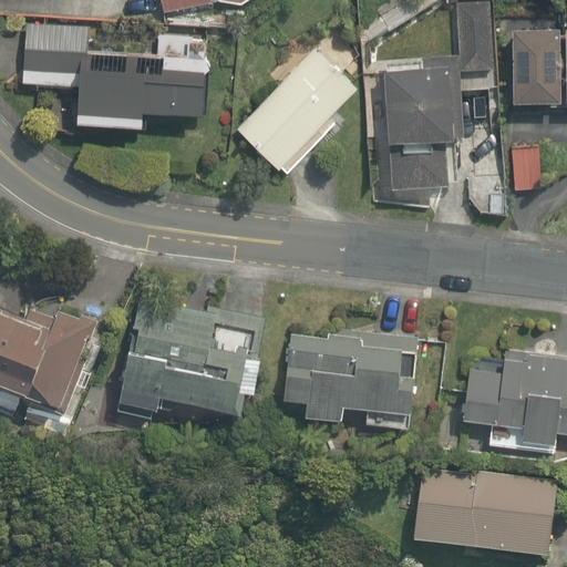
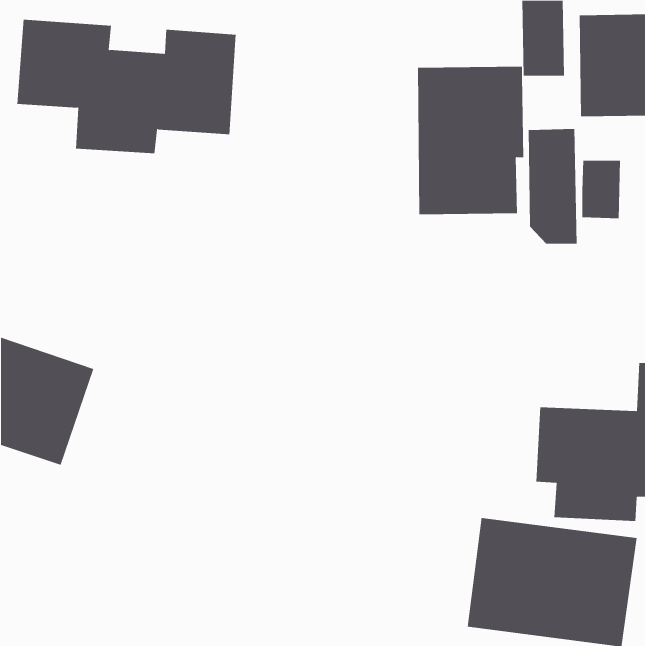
building: [237,45,357,177] -> none
building: [117,291,268,434] -> none
building: [282,321,422,425] -> none

